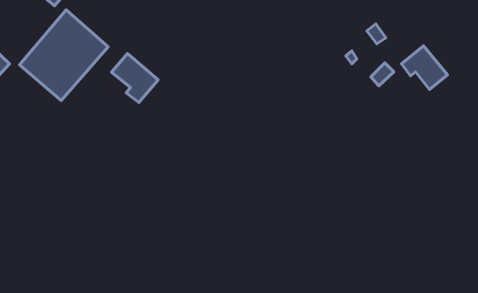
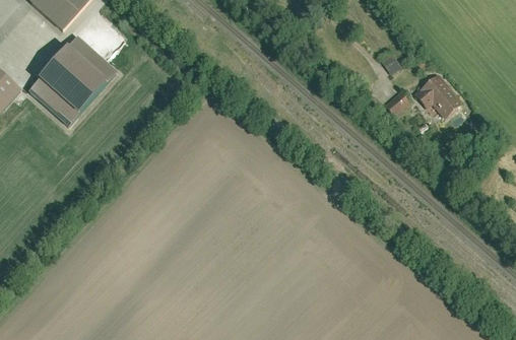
building: [111,53,158,103] -> none

